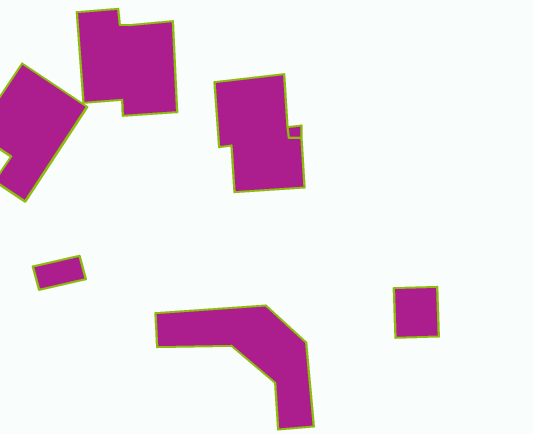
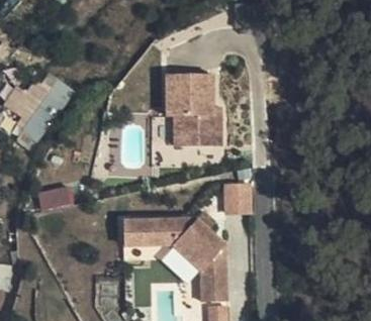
building: [77,9,177,116] -> none
building: [394,287,439,338] -> [223,183,253,216]

